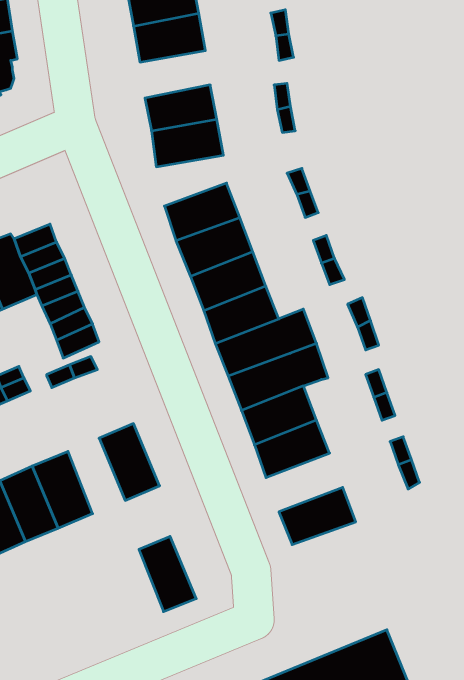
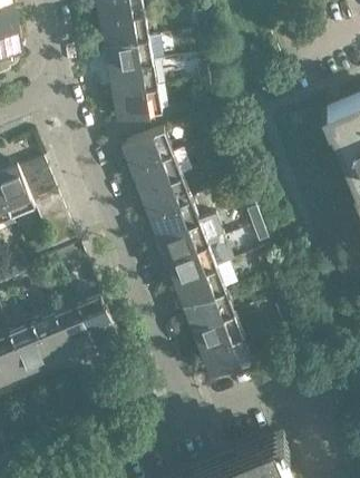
building: none -> [104,39,163,74]
building: none -> [189,315,242,355]
building: [139,536,196,612] -> [55,305,94,357]

